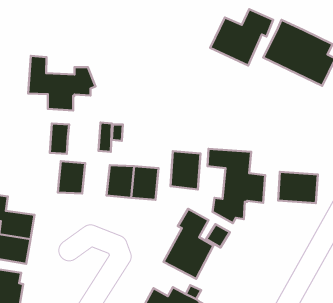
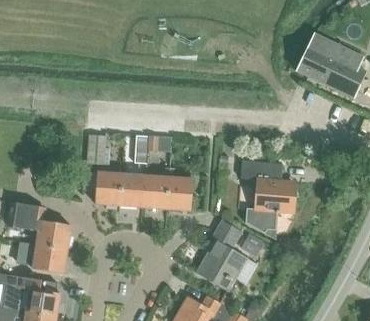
building: [210,9,273,66] -> none
building: [28,56,96,110] -> none
building: [171,151,201,190] -> none
building: none -> [117,174,144,206]
building: [278,172,318,203] -> none

